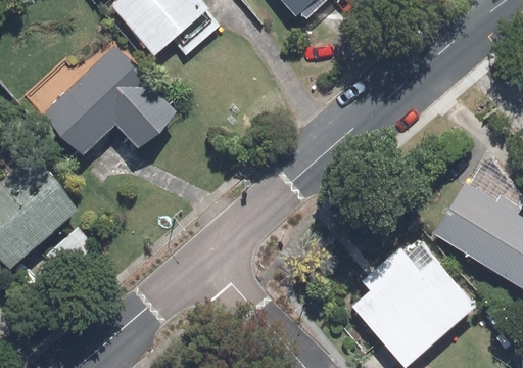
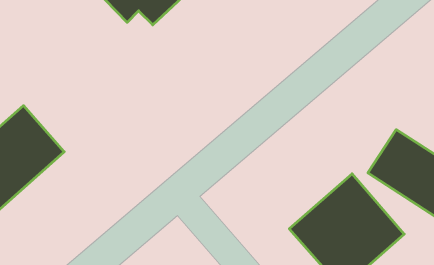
building: [44,48,183,160] -> none

